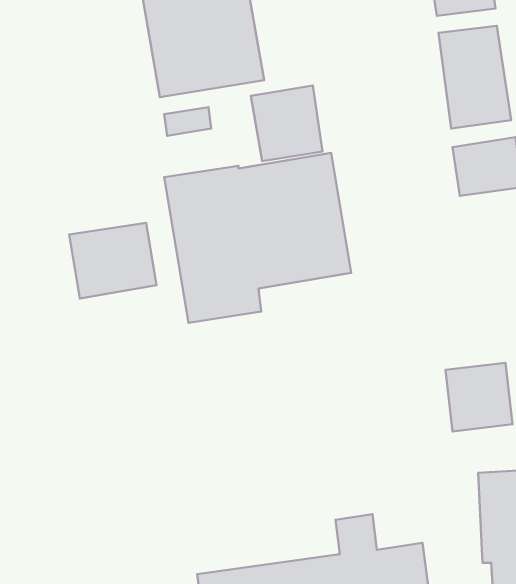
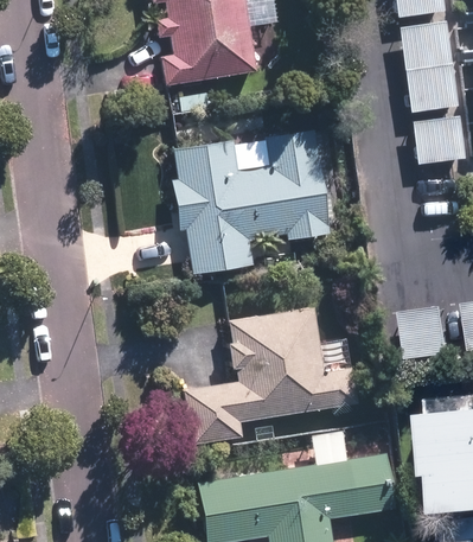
building: [251,86,323,161] -> none
building: [69,223,156,298] -> none
building: none -> [183,307,356,446]

